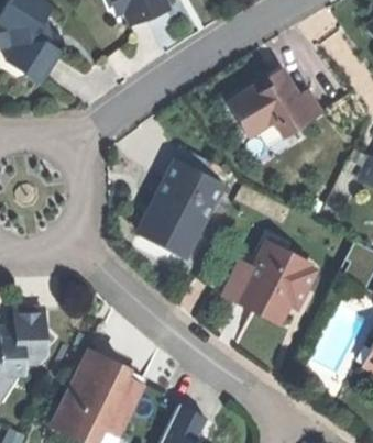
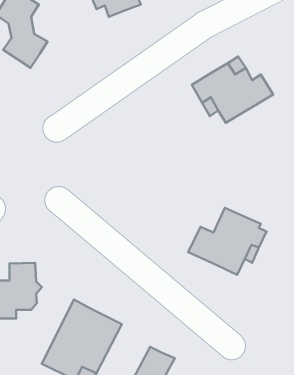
building: [139,162,221,256] -> none

